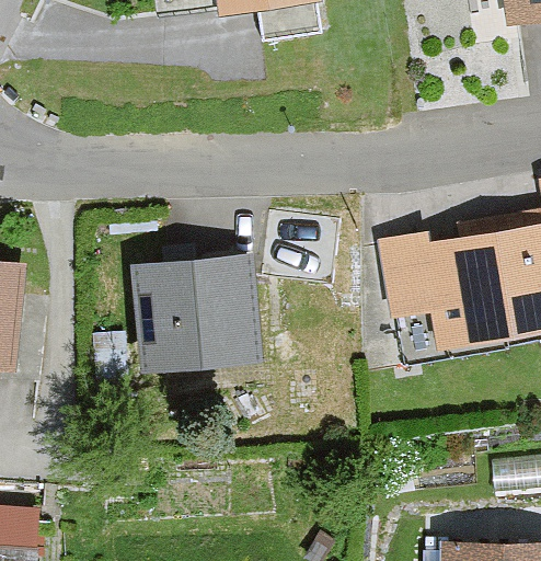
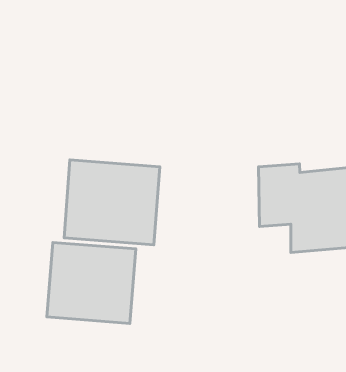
building: none -> [47,242,136,323]

